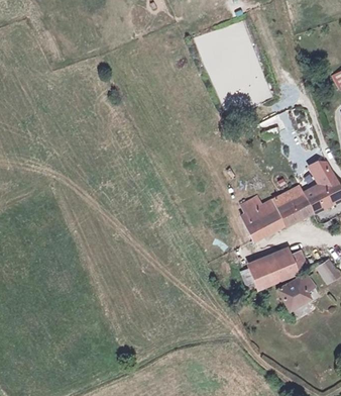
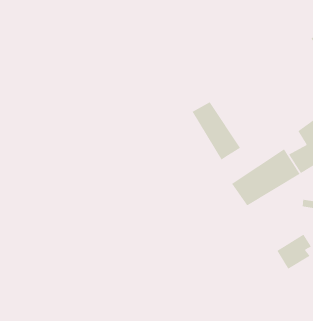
building: none -> [192,101,241,160]
building: [251,253,299,288] -> none

